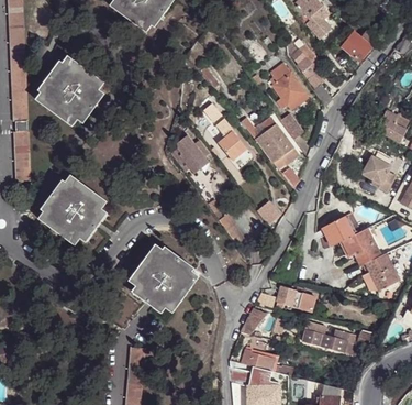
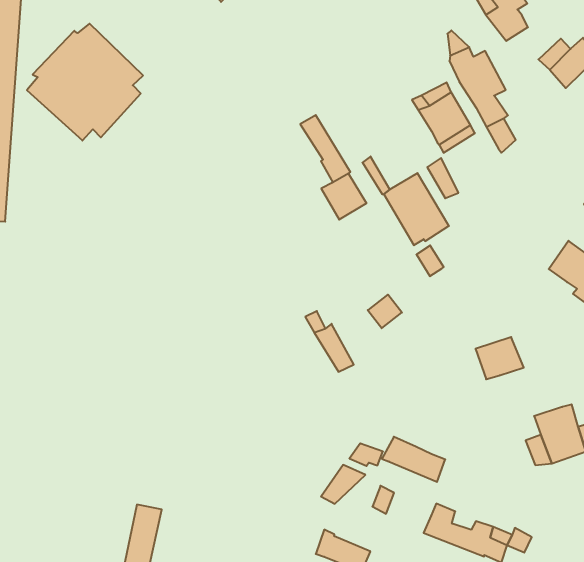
building: [171,132,211,172] -> none
building: [37,177,105,248] -> none
building: [341,228,381,264] -> none
building: [126,247,198,315] -> none

